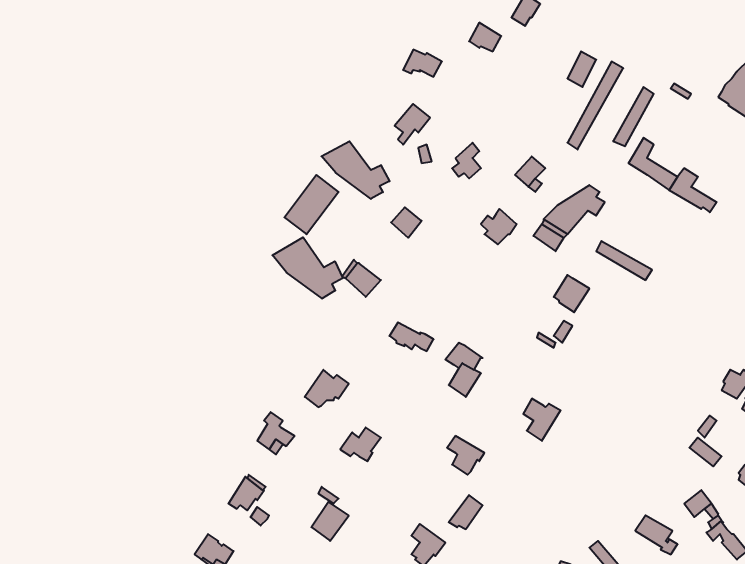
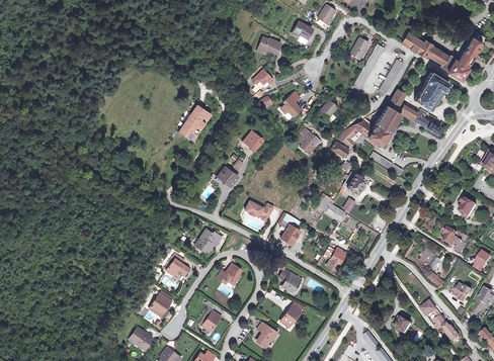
building: none -> [401,32,449,63]
building: none -> [414,72,448,111]
building: [321,141,390,199] -> none
building: none -> [367,106,400,147]
building: [272,237,343,299] -> none

